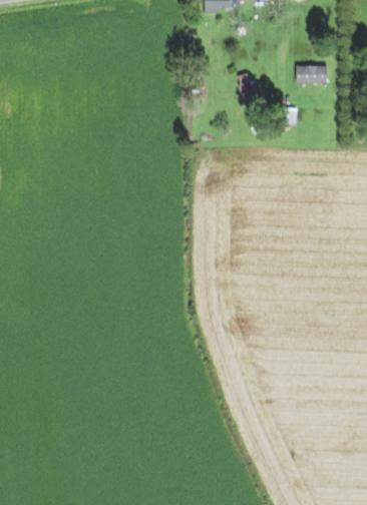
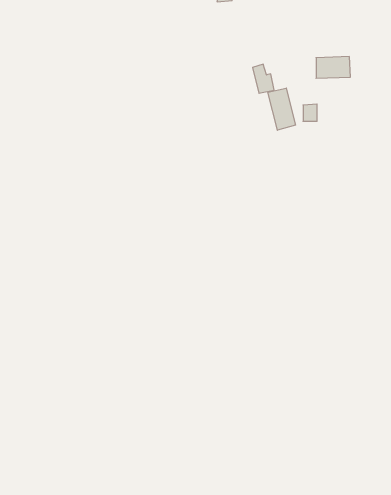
building: none -> [268,88,295,130]

